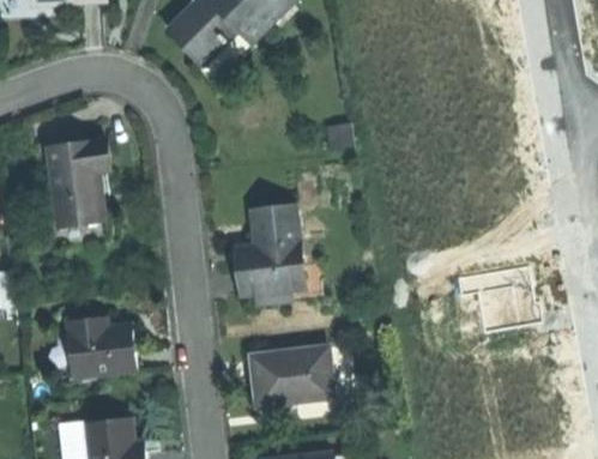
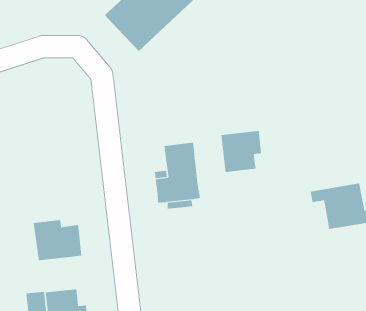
building: [47,140,108,225] -> none
building: none -> [221,130,262,173]
building: [250,346,331,403] -> none

